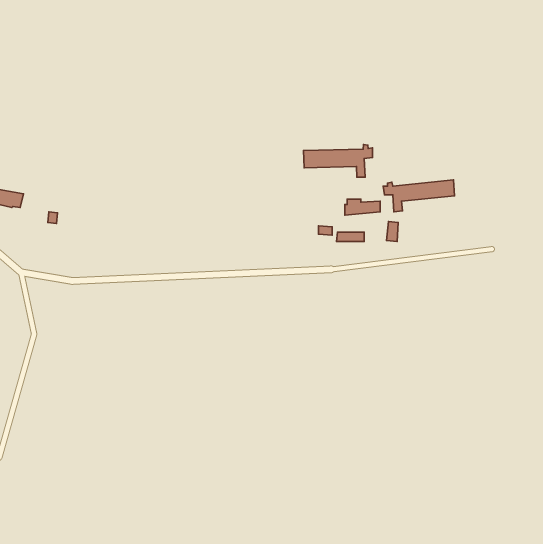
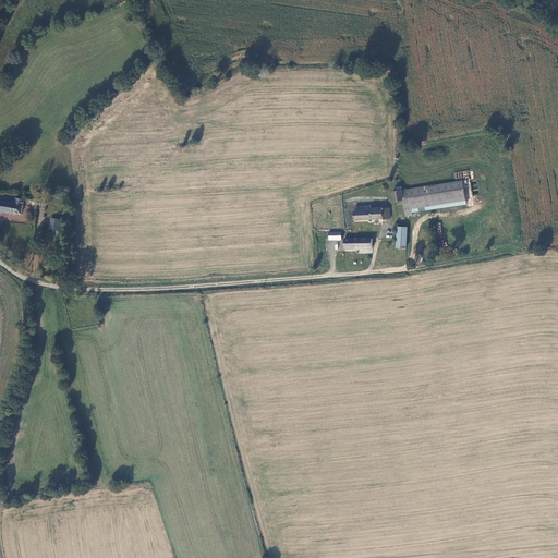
building: [303,145,372,177] -> none

